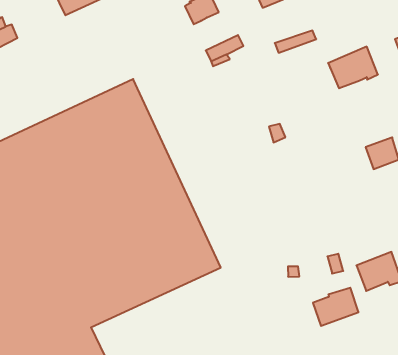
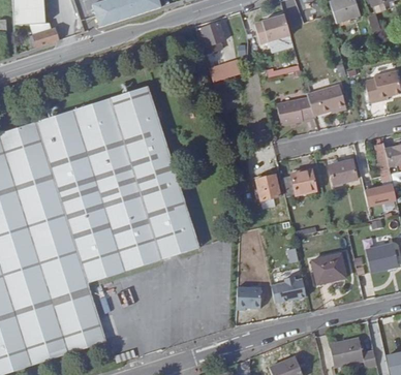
building: none -> [276,97,314,126]
building: none -> [283,169,316,195]
building: none -> [256,175,279,200]
building: none -> [237,286,261,311]

